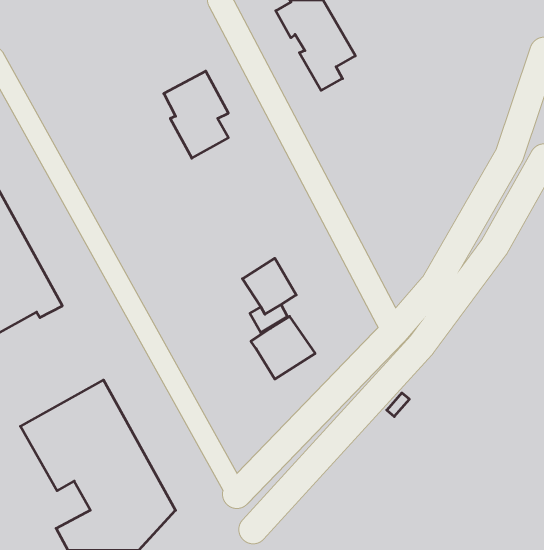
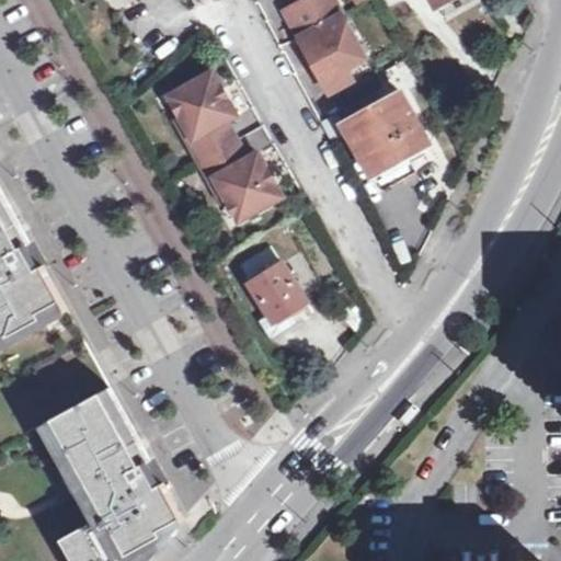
building: none -> [341,94,425,174]
building: none -> [195,140,278,220]
building: [251,316,315,379] -> none

